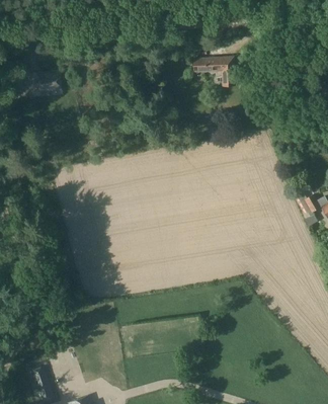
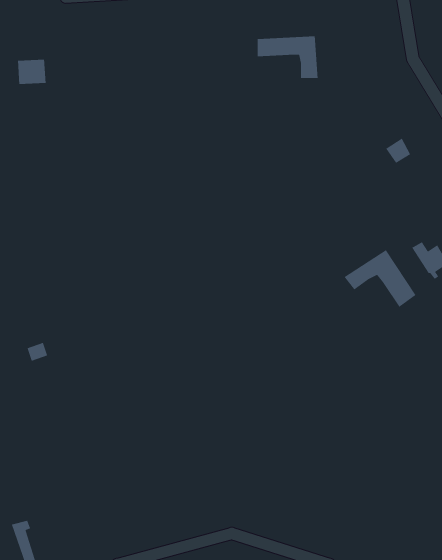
building: none -> [344,249,417,308]

